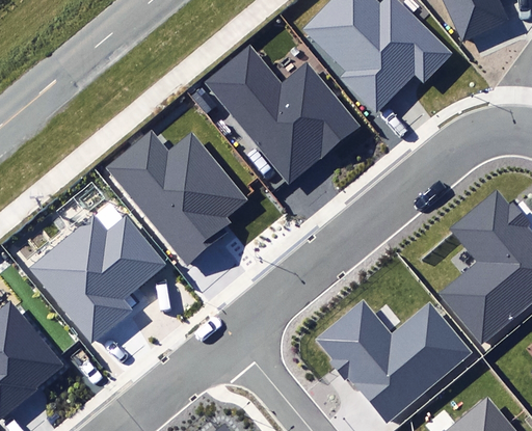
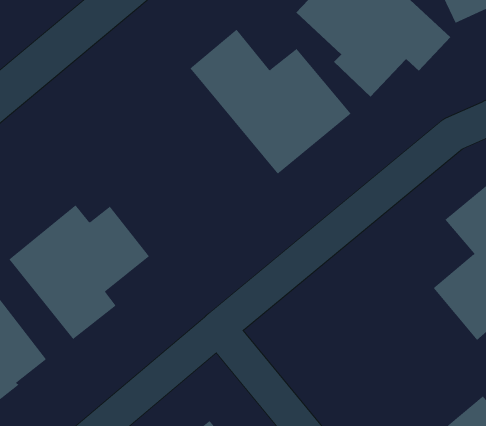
building: [107,133,244,265] -> none
building: [318,302,471,424] -> none

